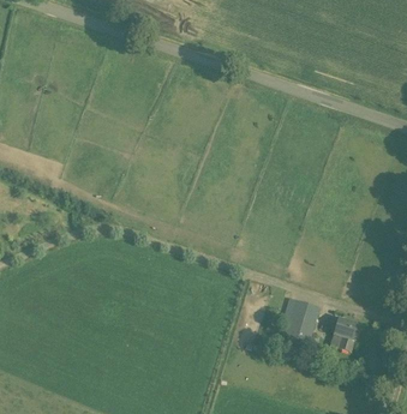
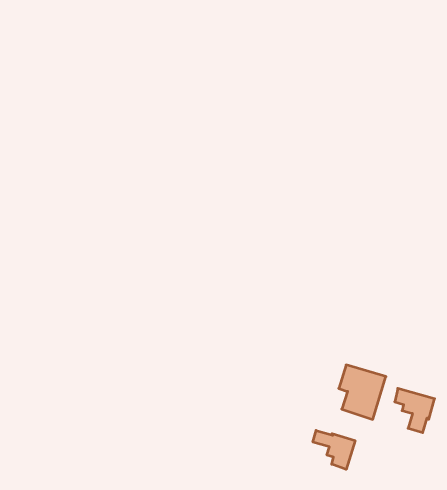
building: none -> [313,430,355,469]

